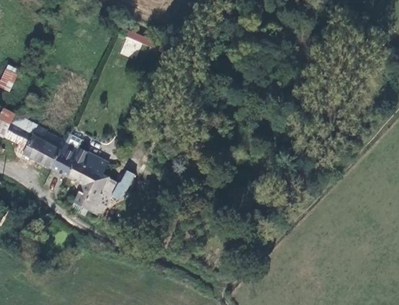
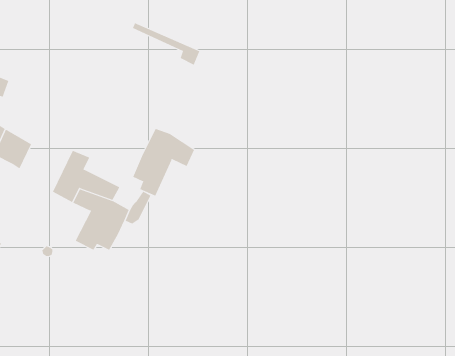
building: none -> [133,128,195,196]
building: [16,127,64,167] -> none

